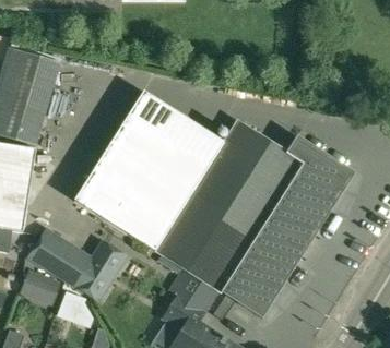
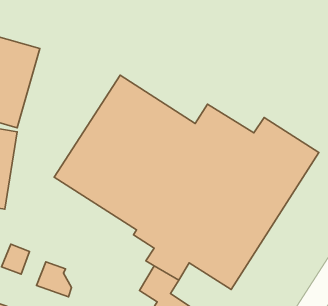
building: [27,228,125,297] -> none

